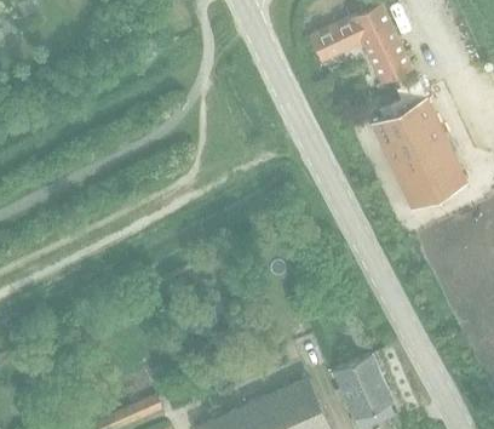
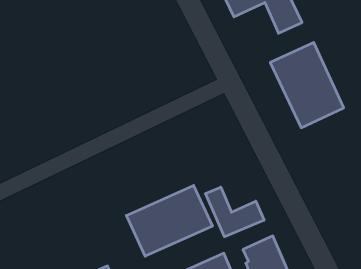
building: none -> [126,185,212,256]
building: none -> [205,187,264,237]

